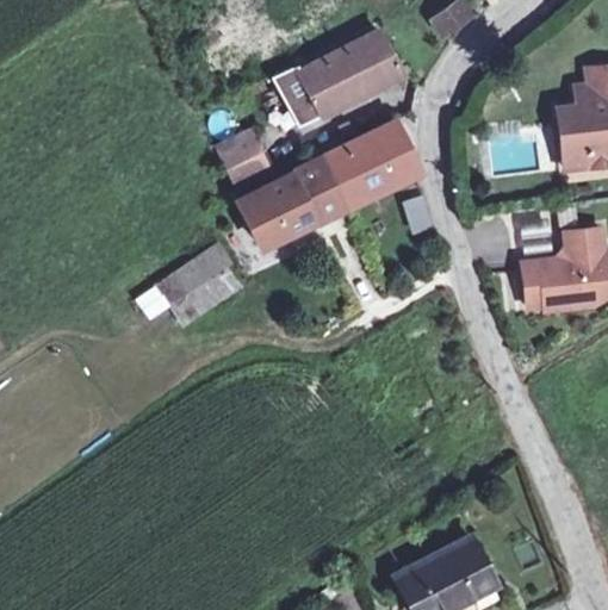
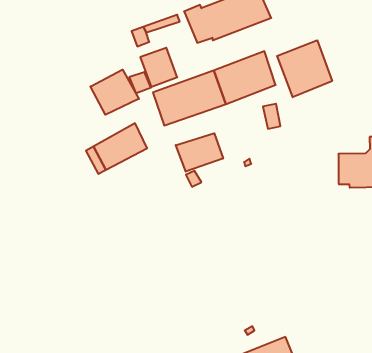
building: none -> [277,40,332,97]
building: none -> [90,70,139,115]
building: none -> [176,133,223,172]

